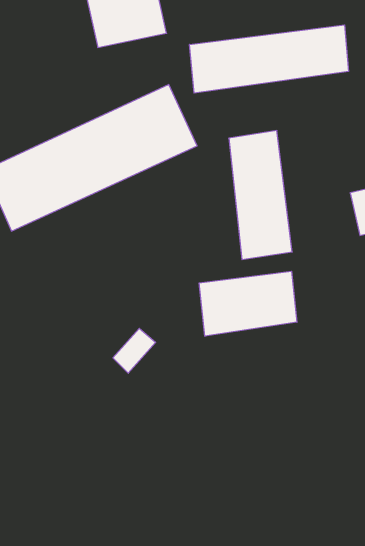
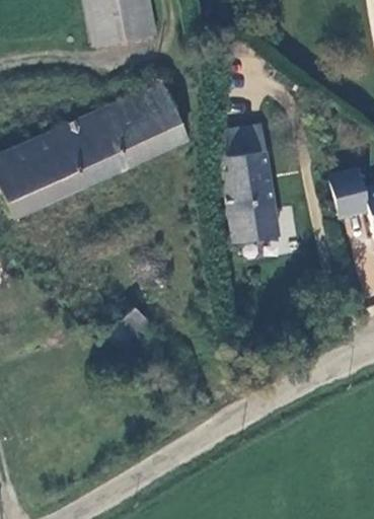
building: [190,25,348,93] -> none
building: [199,271,297,336] -> none

